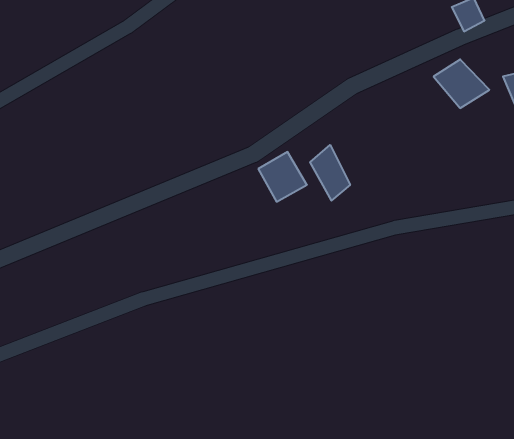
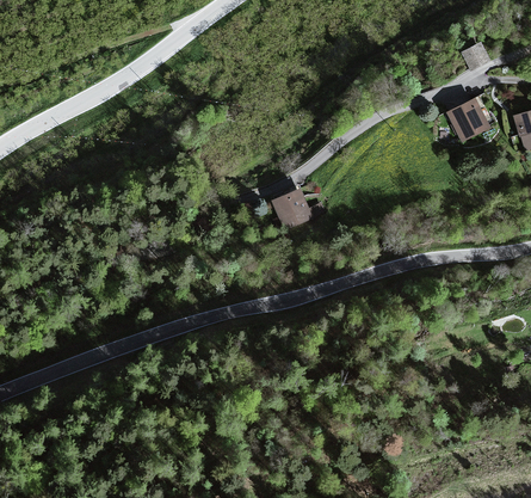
building: [310,145,350,201] -> none

